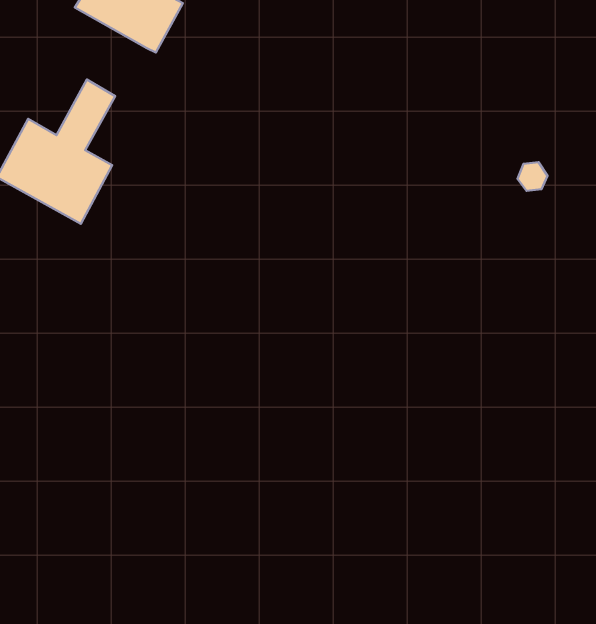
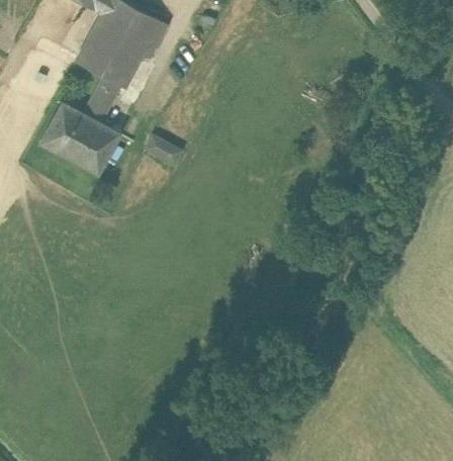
building: none -> [76,27,143,88]
building: none -> [145,134,182,165]

